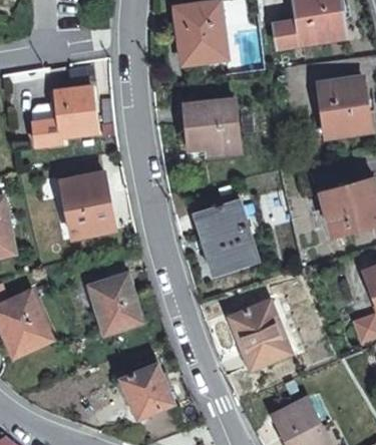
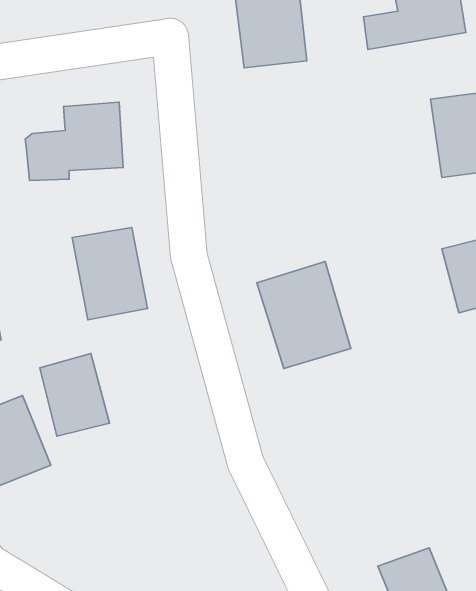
building: [189,98,241,152] -> none
building: [90,274,139,332] -> [40,353,109,436]
building: [229,303,288,369] -> none
building: [122,366,173,418] -> none

